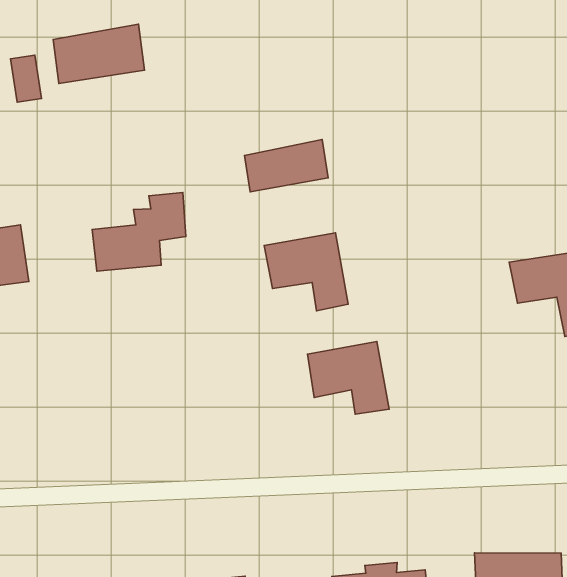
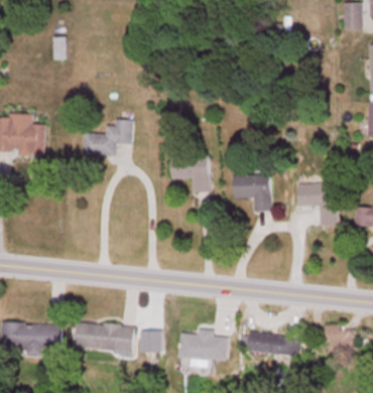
building: [53,24,145,83] -> none
building: [244,140,328,192] -> none
building: [308,342,389,414] -> [233,173,271,210]

